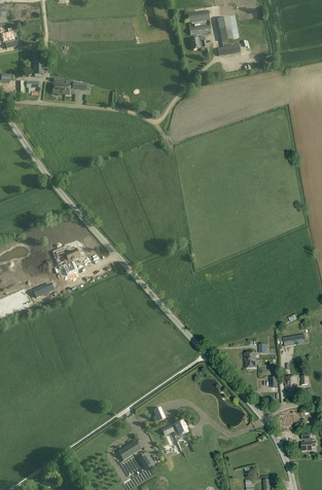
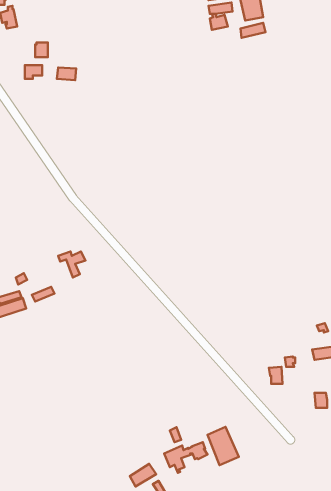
building: none -> [208,427,239,465]

